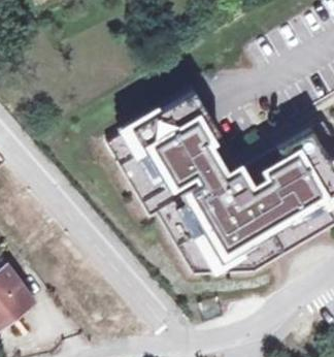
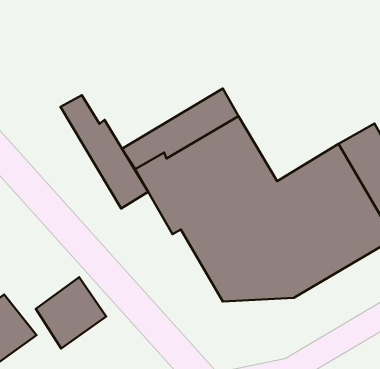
building: none -> [61,95,148,209]
building: none -> [36,277,106,349]

